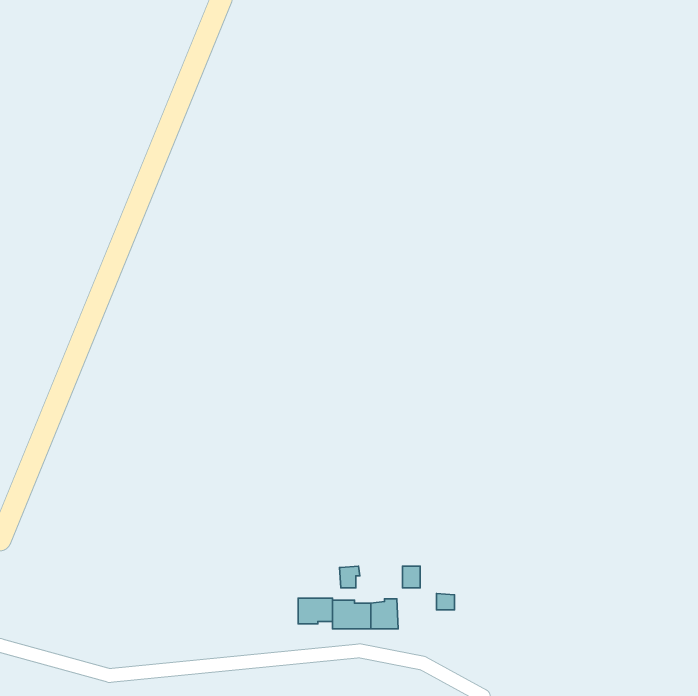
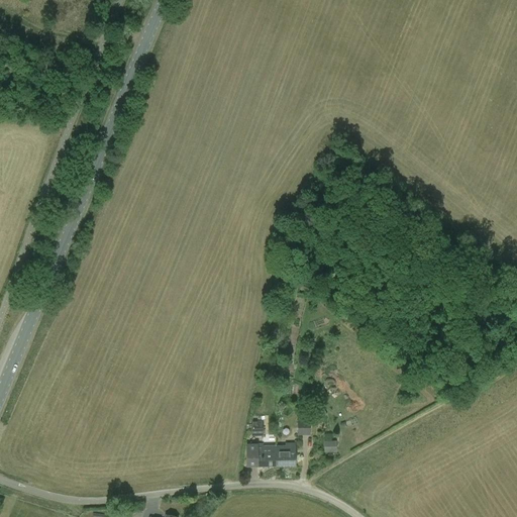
building: [298,598,333,624] -> none

